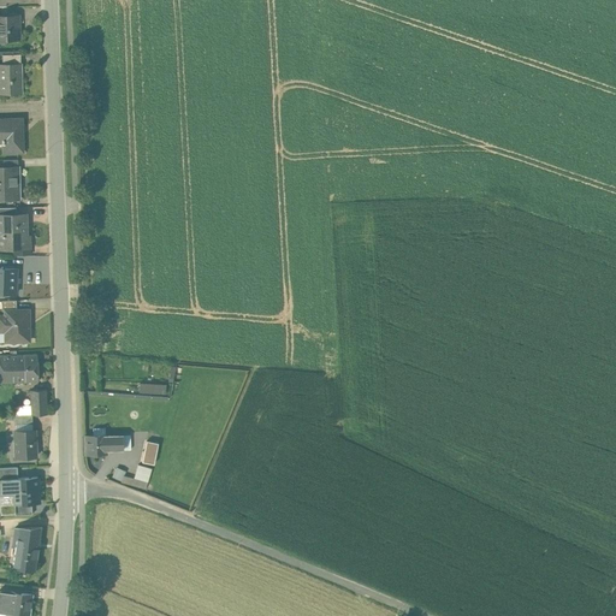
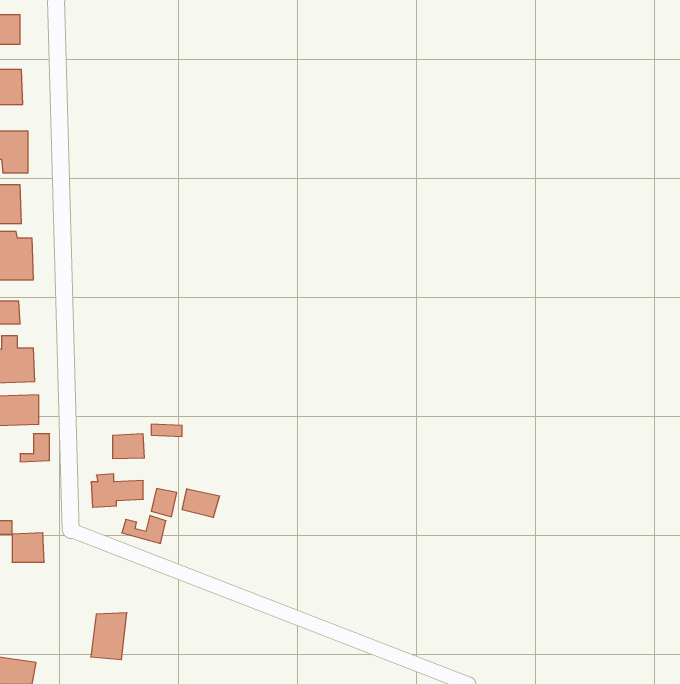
building: none -> [113,434,144,459]
building: [12,427,36,457] -> none
building: none -> [182,489,220,518]
building: [10,527,42,569] -> [91,613,127,660]

